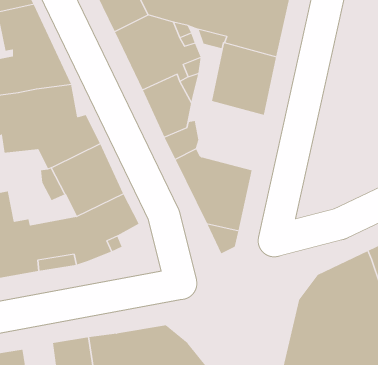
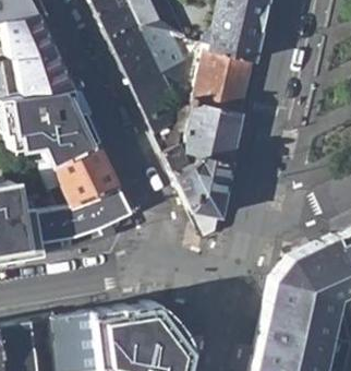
building: none -> [187,100,244,163]

